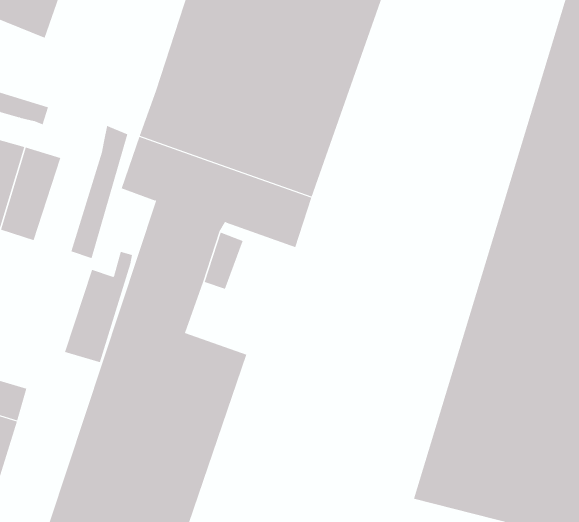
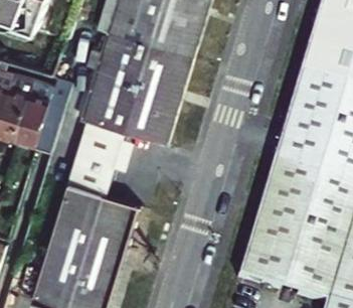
building: [64,251,133,363] -> [22,87,60,149]

